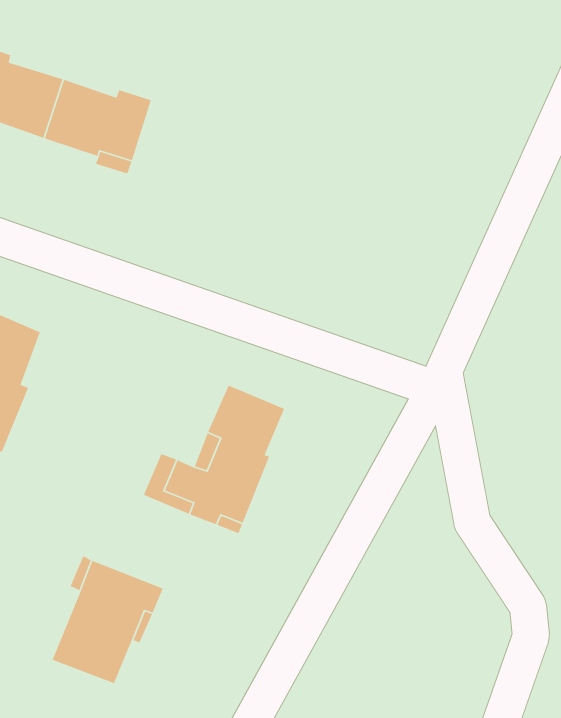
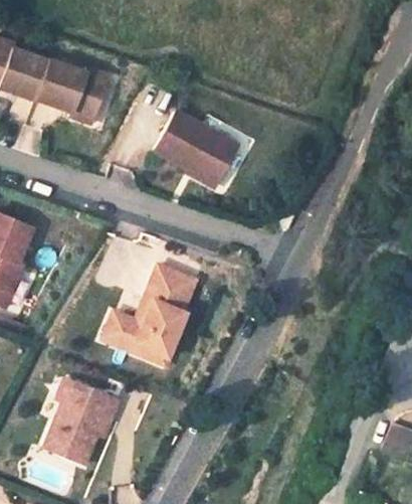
building: none -> [153,114,237,187]

